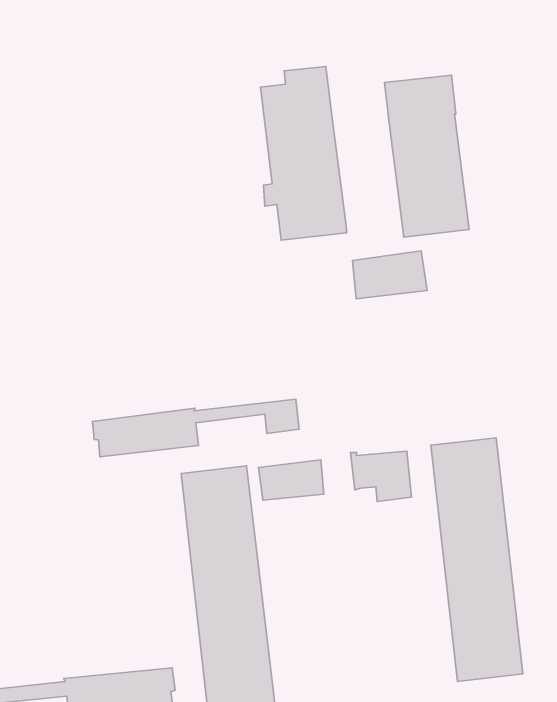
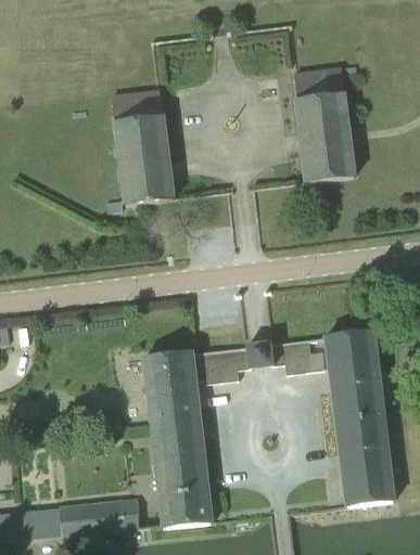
building: [260,66,347,240] -> [112,79,175,206]
building: [352,251,427,299] -> none
building: [92,399,299,457] -> none

